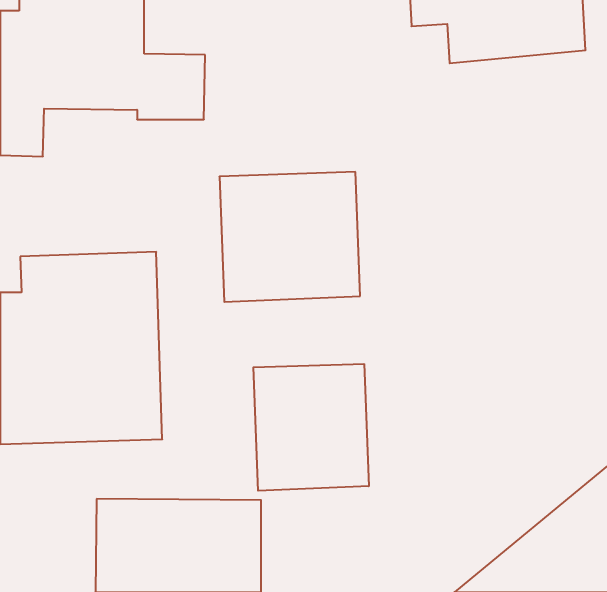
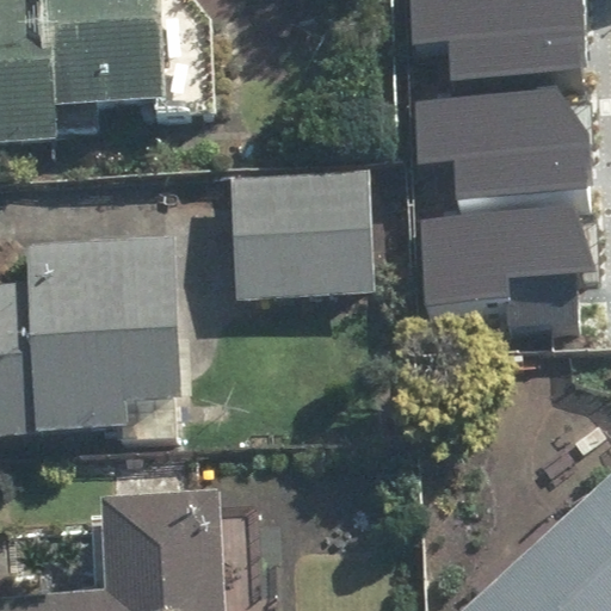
building: none -> [412,68,597,183]
building: none -> [419,185,598,319]
building: [253,364,369,491] -> none

